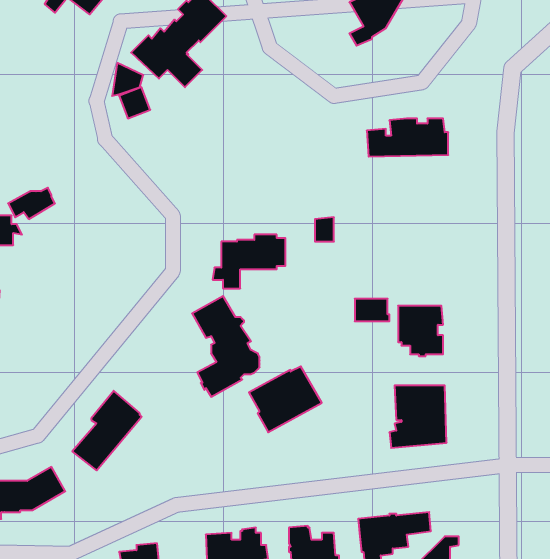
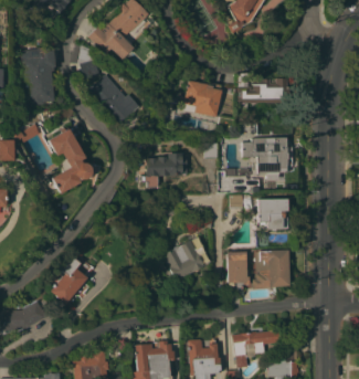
building: none -> [21,46,55,106]
building: none -> [88,75,138,124]
building: none -> [179,81,222,117]
building: none -> [242,138,291,179]
building: [192,296,260,397] -> [46,129,89,193]
building: none -> [226,252,249,295]

